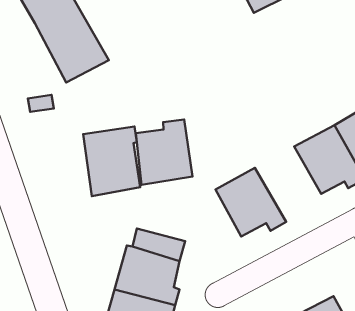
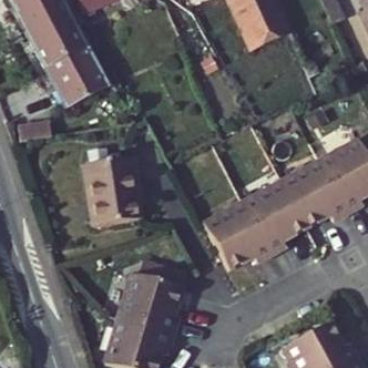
building: [136,119,192,185] -> none
building: none -> [254,176,319,251]

